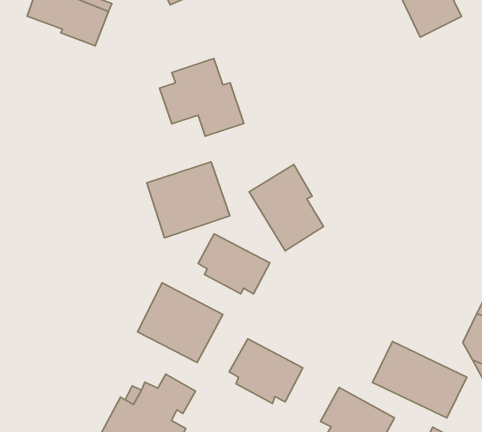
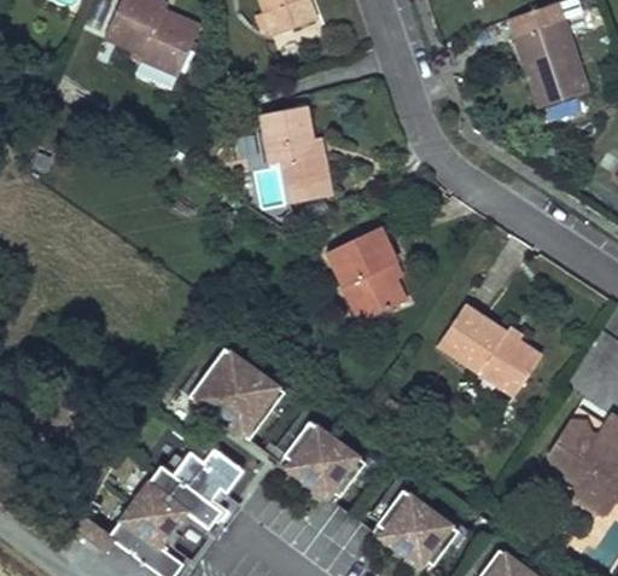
building: [147,162,230,238] -> none
building: [198,234,270,294] -> none
building: [372,342,467,418] -> [433,308,538,400]

